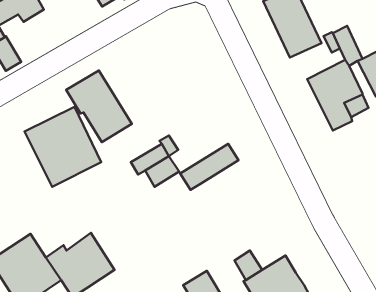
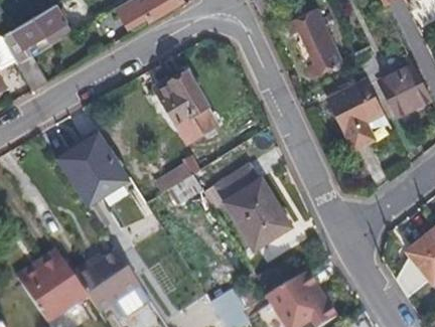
building: [66,70,132,142] -> [155,71,220,142]
building: none -> [225,178,292,250]

